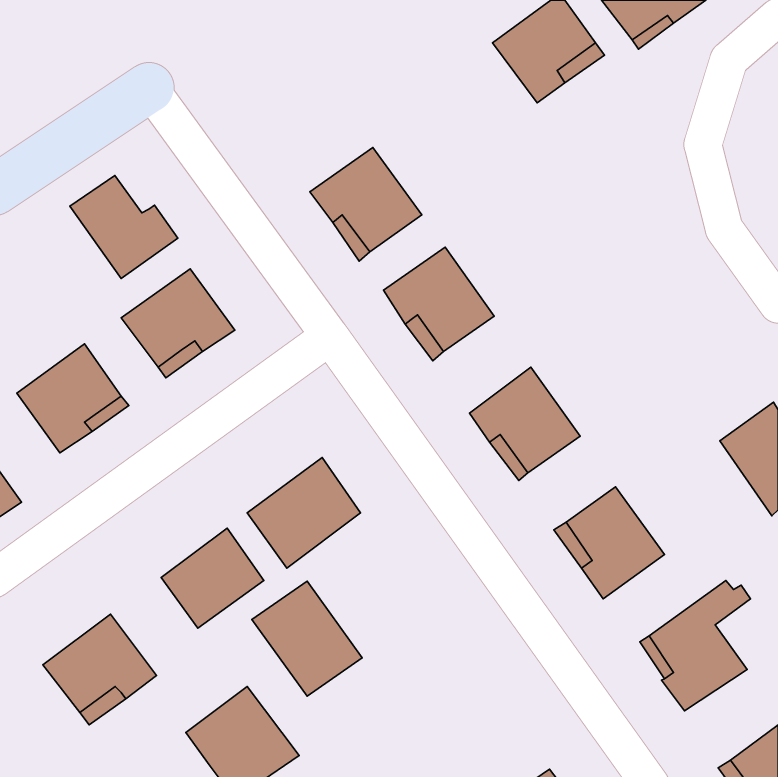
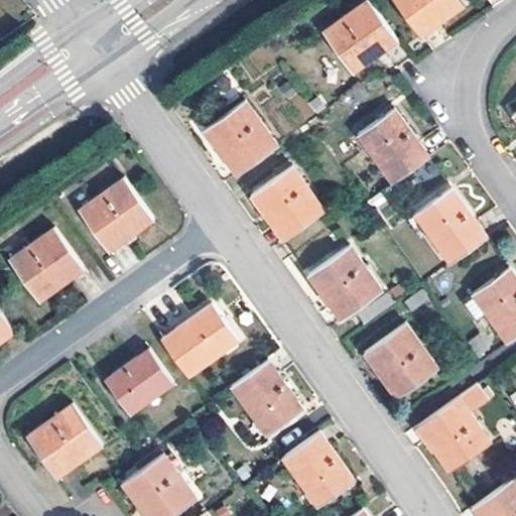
building: none -> [358,109,429,185]
building: [70,175,178,278] -> none
building: none -> [414,188,487,265]
building: [252,581,362,696] -> [231,362,303,437]
building: none -> [282,432,354,507]

